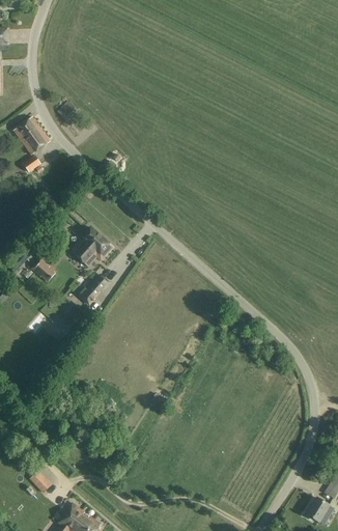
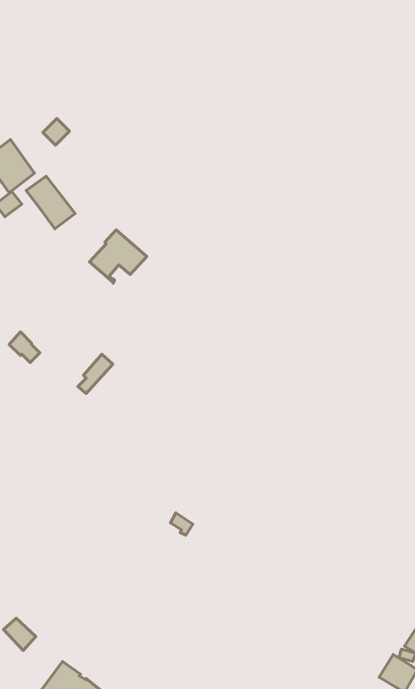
building: none -> [26,176,75,229]
building: [69,227,112,267] -> [89,230,147,283]

